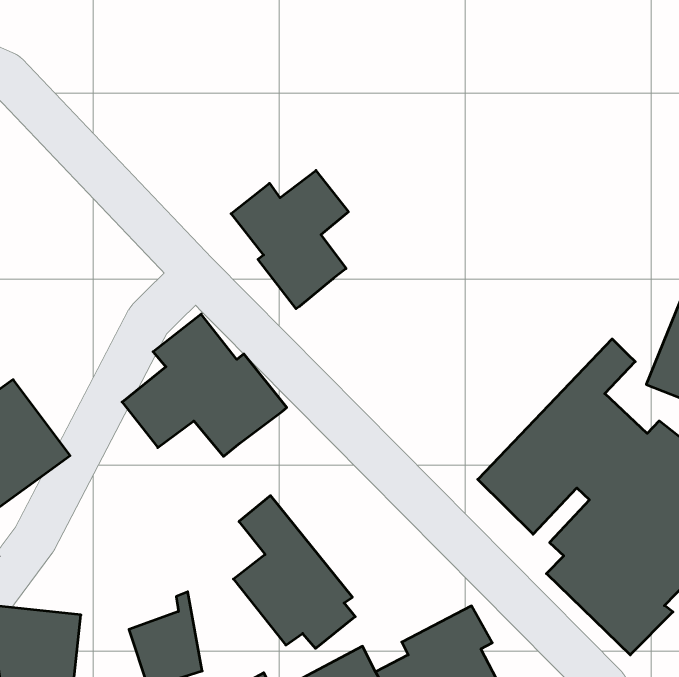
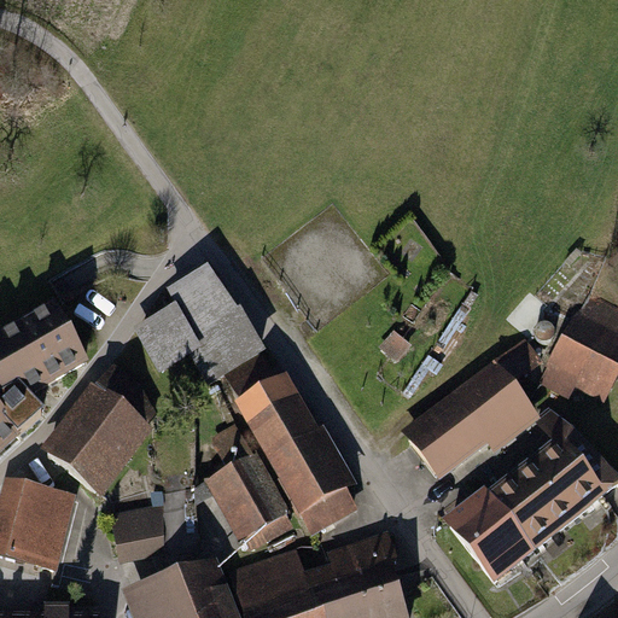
building: [231,170,348,309] -> none
building: none -> [220,356,354,532]
building: none -> [40,363,156,497]

